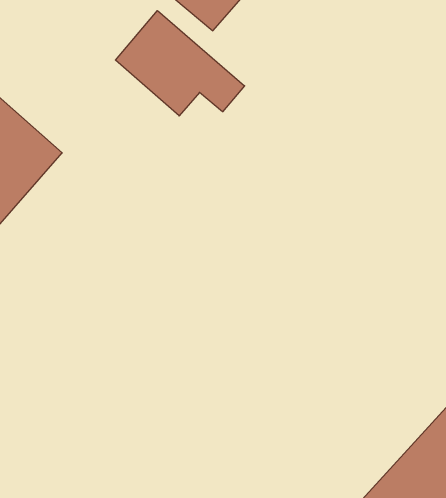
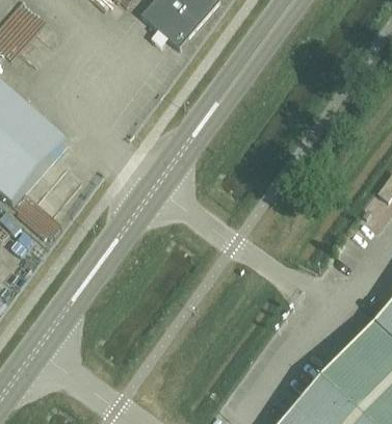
building: [115,11,245,116] -> none

